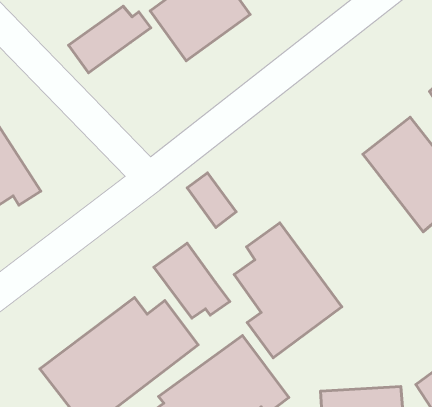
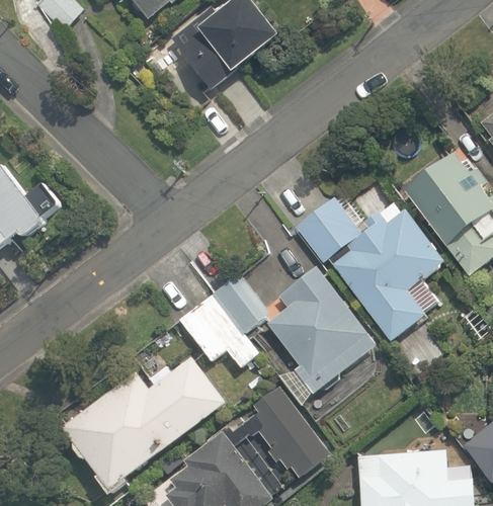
building: [68,6,151,73] -> none
building: none -> [296,196,444,341]
building: [187,173,236,228] -> [215,274,268,334]

